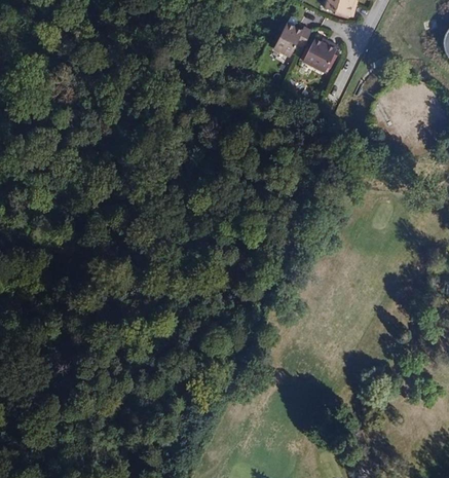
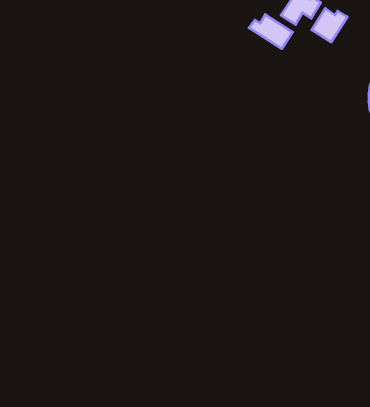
building: none -> [249,14,293,49]

